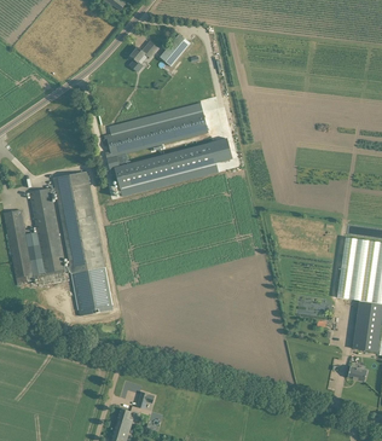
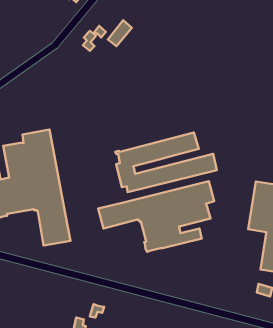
building: [103,111,231,186] -> [115,133,217,192]
building: none -> [98,181,214,252]

